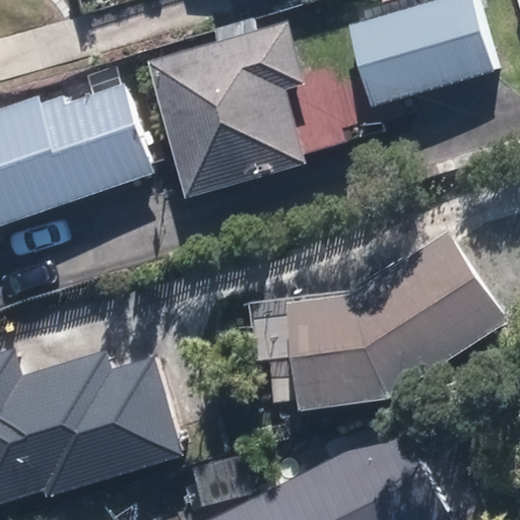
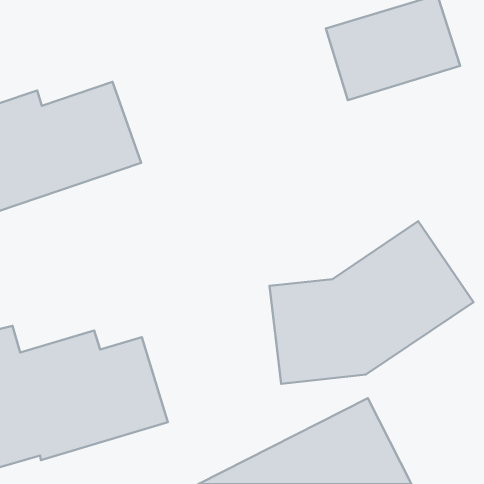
building: [152,27,305,196] -> none

